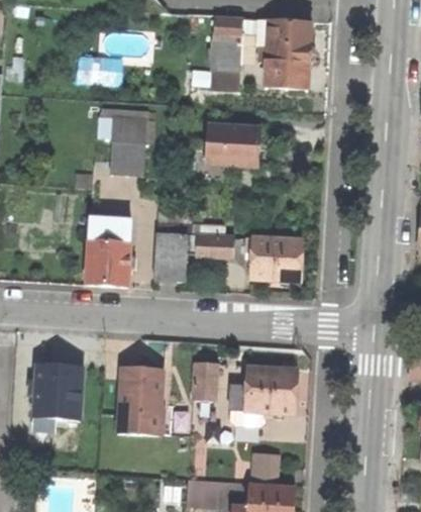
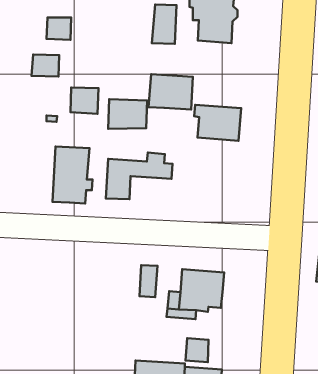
building: [111,115,145,142] -> [31,54,59,77]
building: none -> [108,99,147,129]
building: [246,235,304,280] -> [194,105,241,141]
building: [33,366,84,433] -> none
building: [117,369,165,437] -> none

